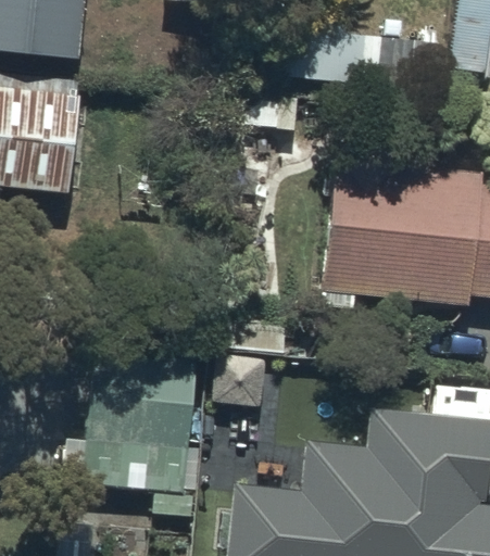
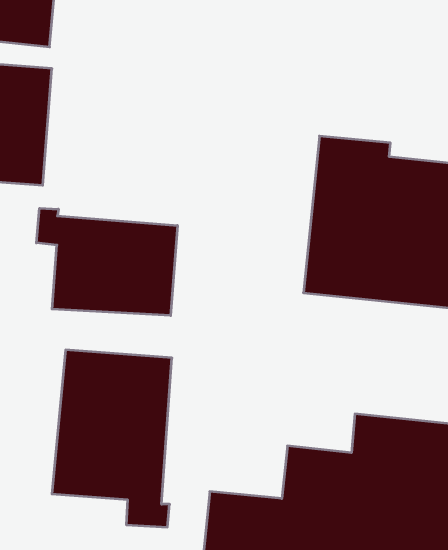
building: none -> [36,208,177,316]

